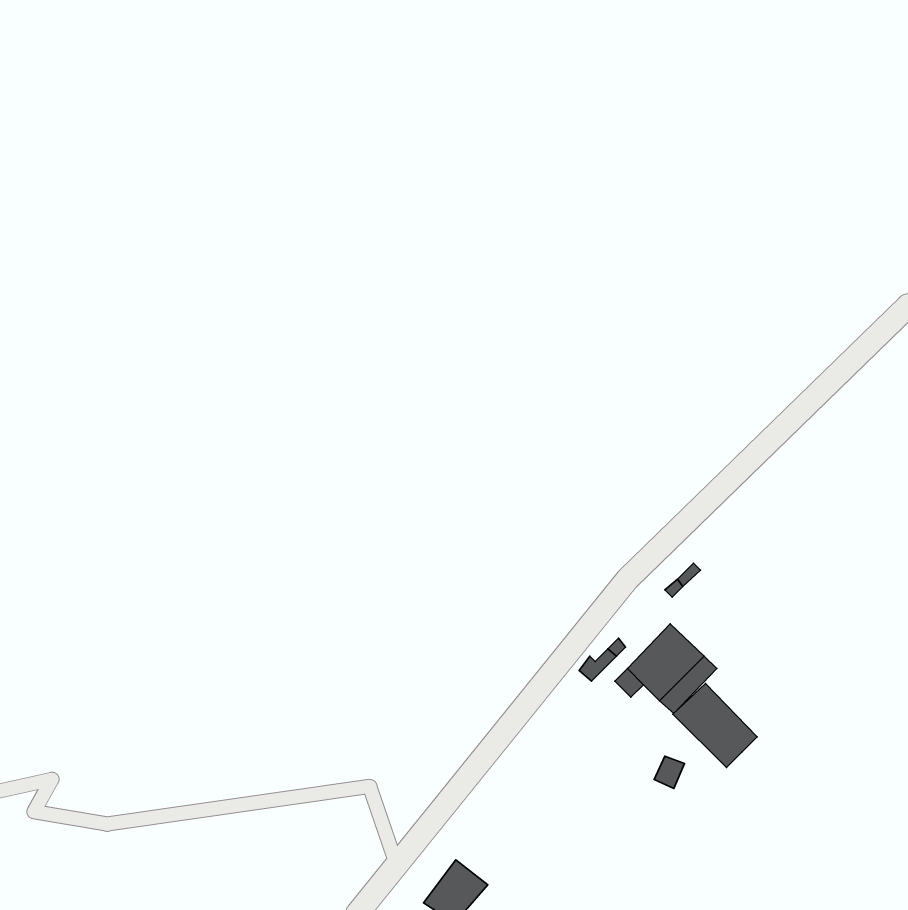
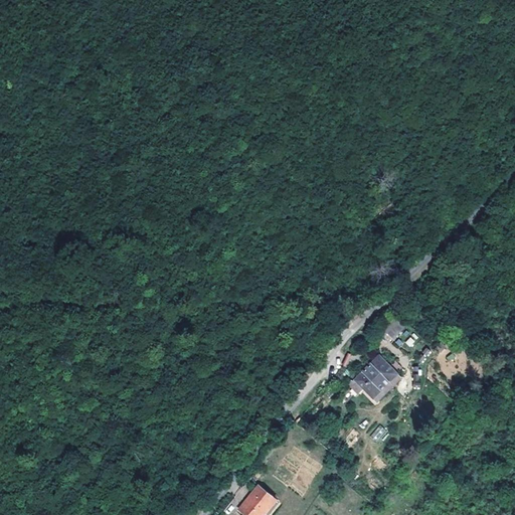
building: [673,684,757,768] -> none

